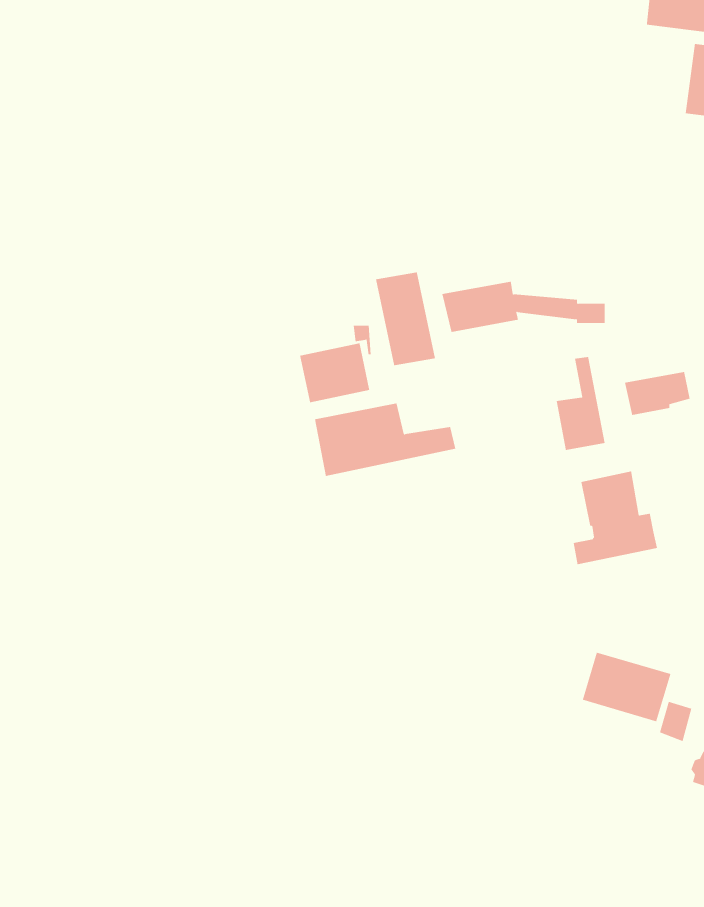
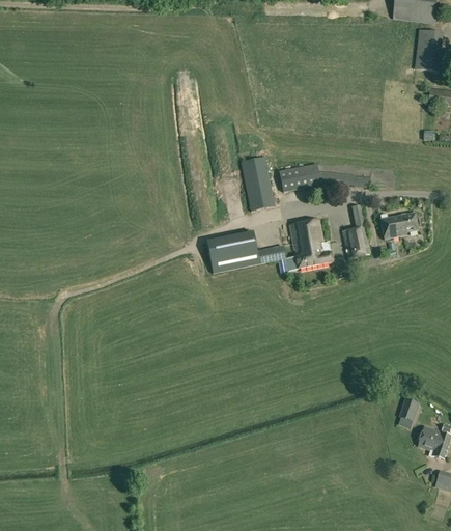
building: [300,343,370,403] -> none
building: [573,471,658,565] -> [285,217,333,270]
building: [582,652,671,722] -> none

